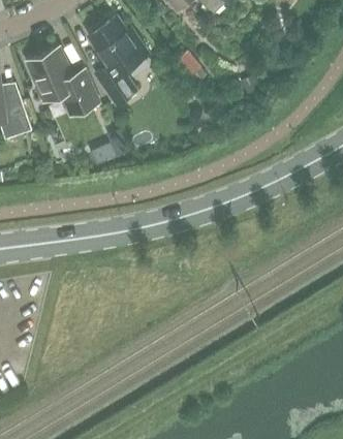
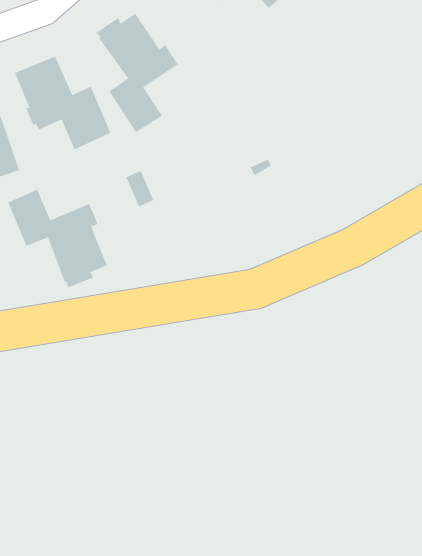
building: none -> [7,189,108,288]

